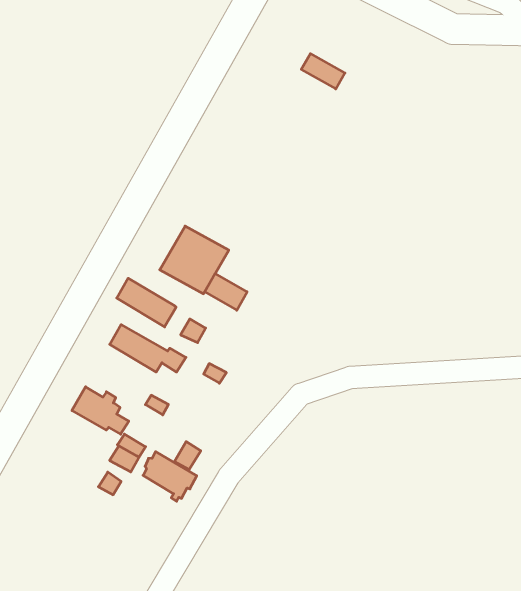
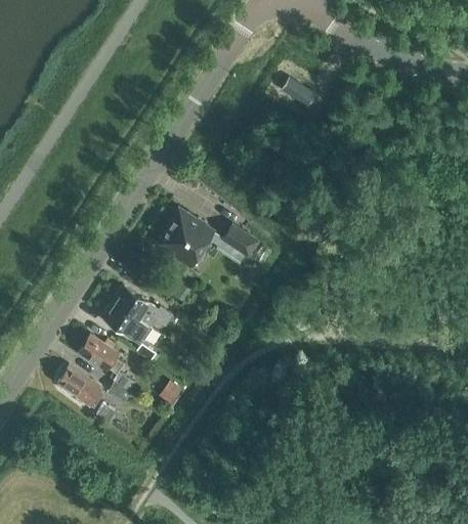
building: [205,273,247,310] -> [223,225,257,256]
building: [117,278,176,327] -> [102,302,150,343]
building: [143,452,197,501] -> [58,365,101,406]

